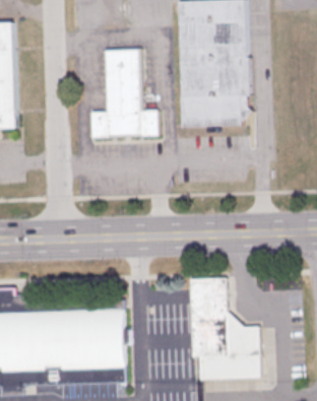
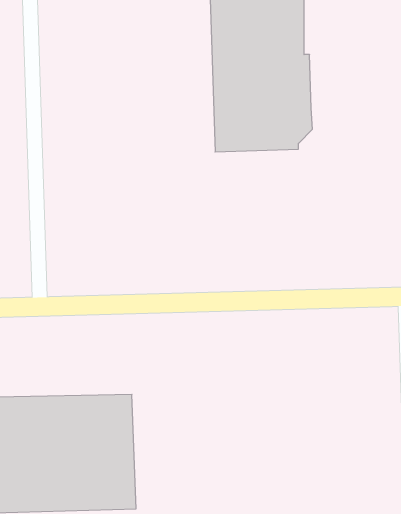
building: [90,47,157,137] -> none
building: [190,278,261,381] -> none

